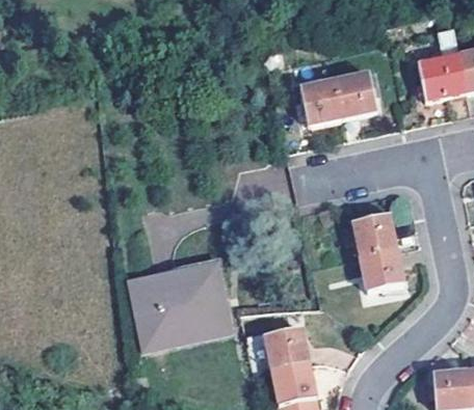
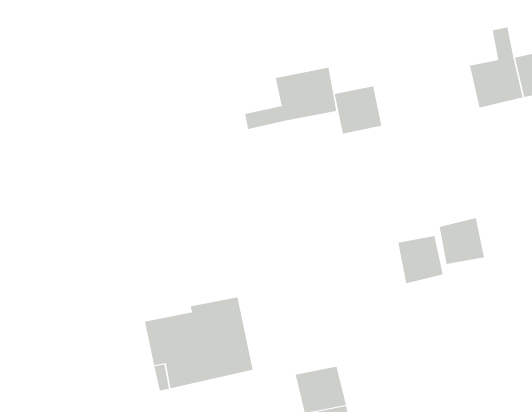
building: none -> [244,67,337,130]
building: [334,74,375,115] -> none
building: [362,246,402,288] -> [439,217,485,265]

